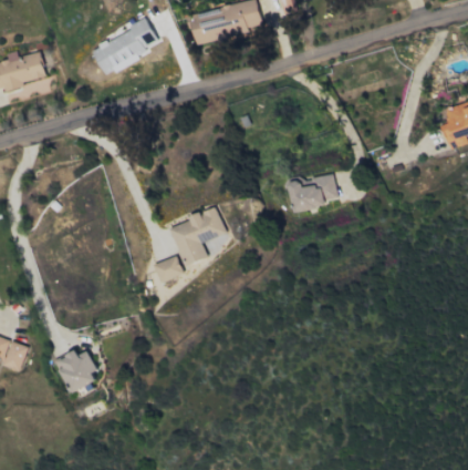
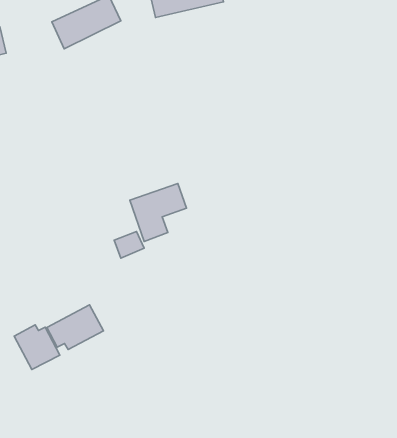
building: [288,174,337,212] -> none
building: none -> [47,305,103,350]

